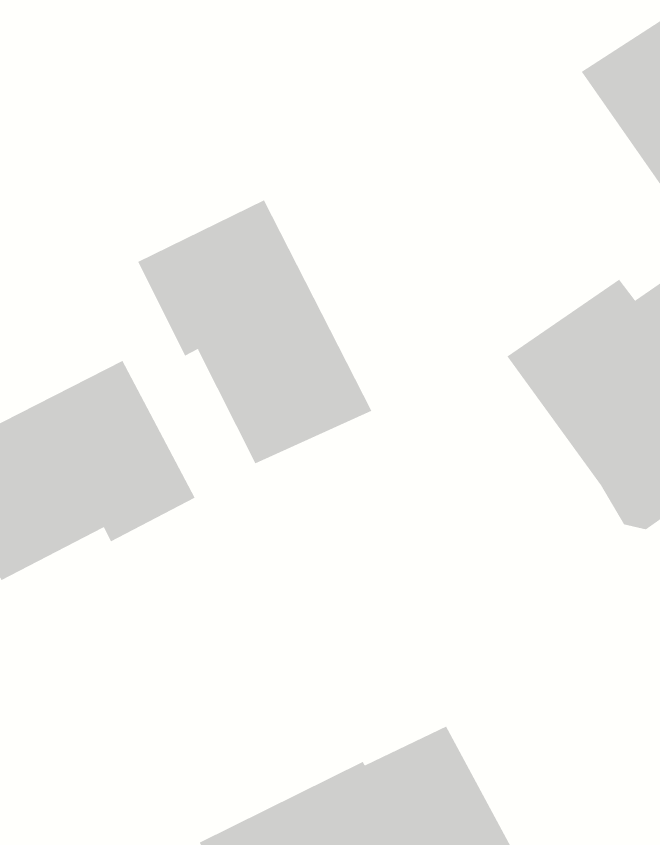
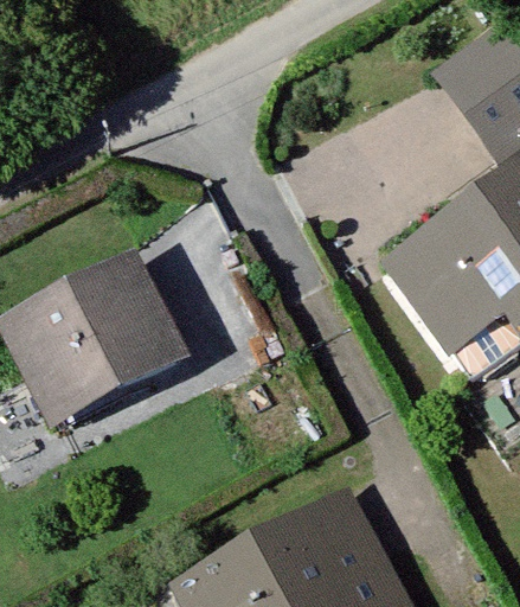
building: [138,199,372,464] -> none

